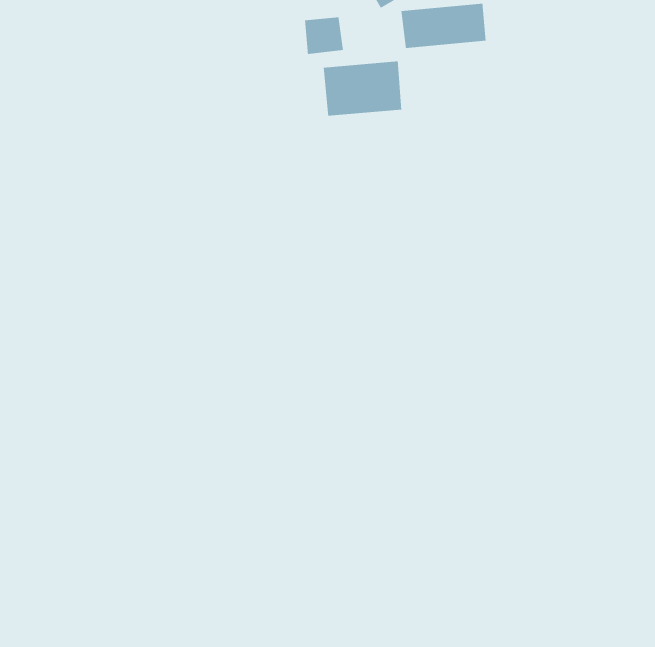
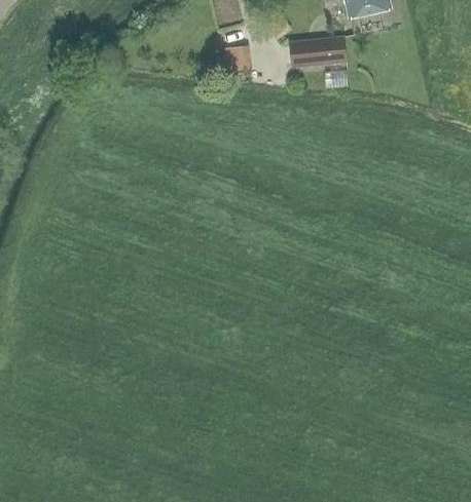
building: [323,61,402,117] -> none

